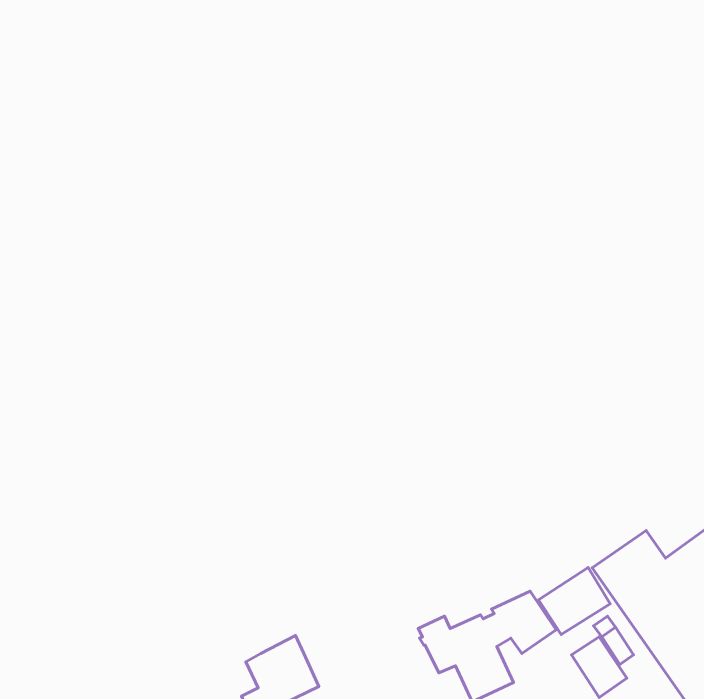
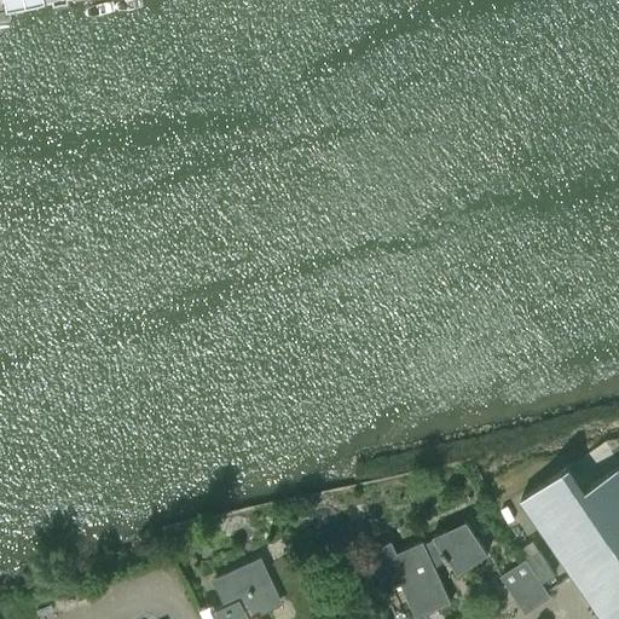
building: [539,567,610,635] -> none

